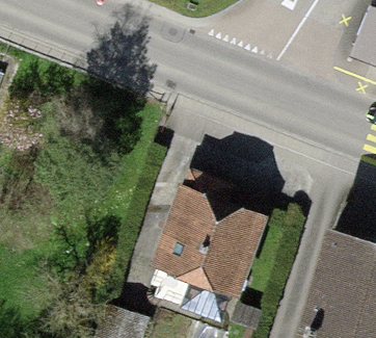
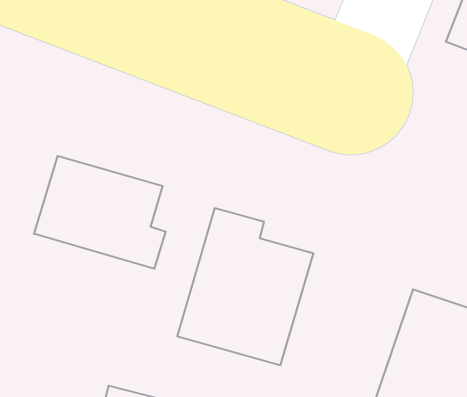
building: none -> [34,156,166,269]

